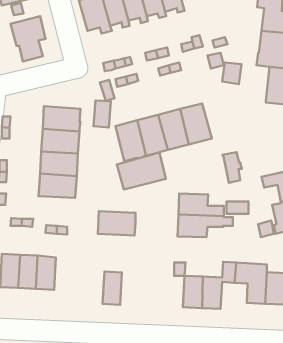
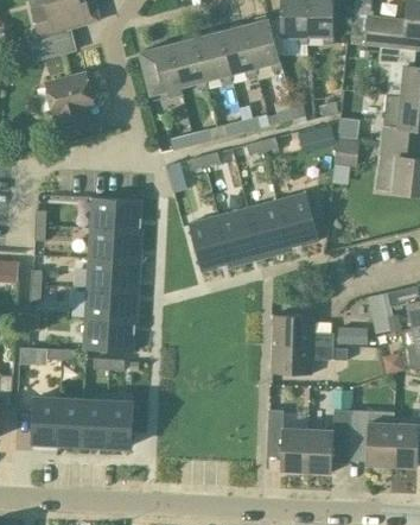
building: [94,101,111,127] -> none
building: [223,152,242,183] -> [367,293,393,335]
building: [117,153,166,189] -> none
building: [98,211,135,236] -> [82,320,133,353]
building: [103,271,122,305] -> [104,403,131,448]

